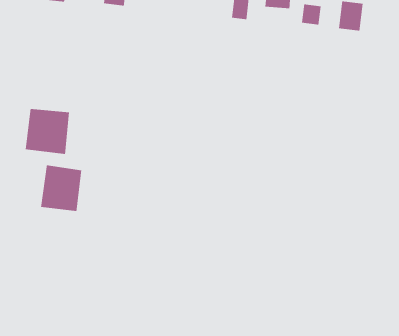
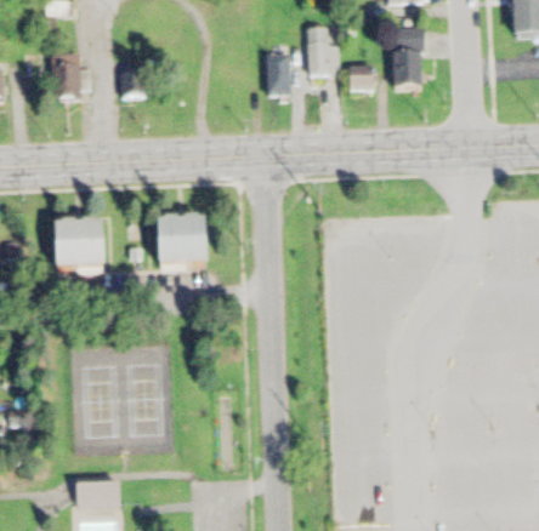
building: none -> [154,217,205,264]
building: [40,164,82,212] -> none

